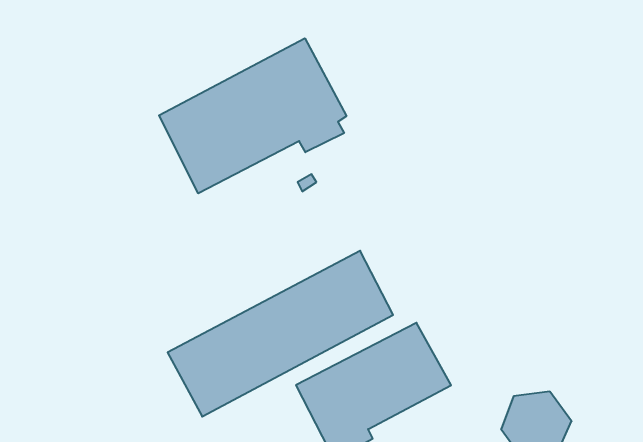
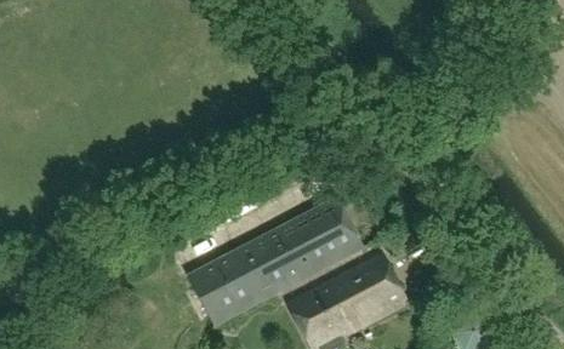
building: [159,38,346,193] -> none

